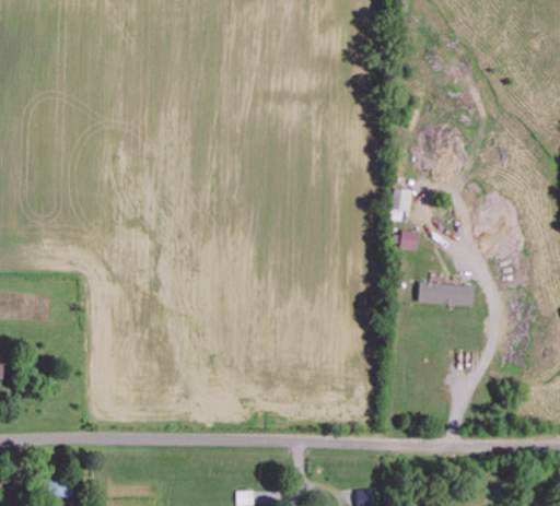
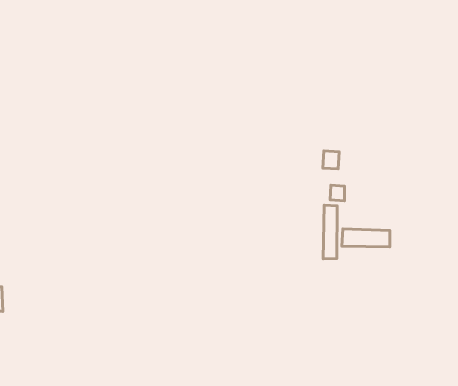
building: none -> [323,205,337,259]

